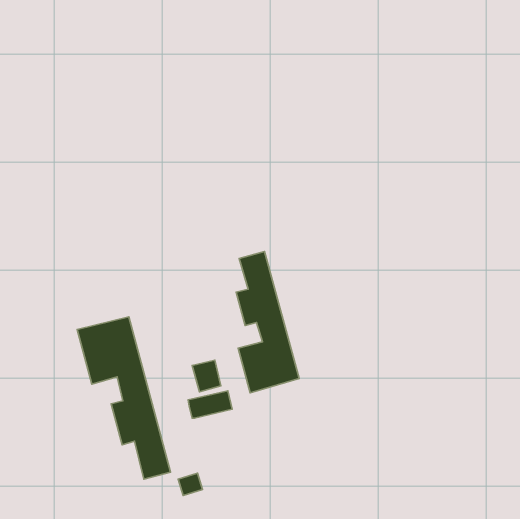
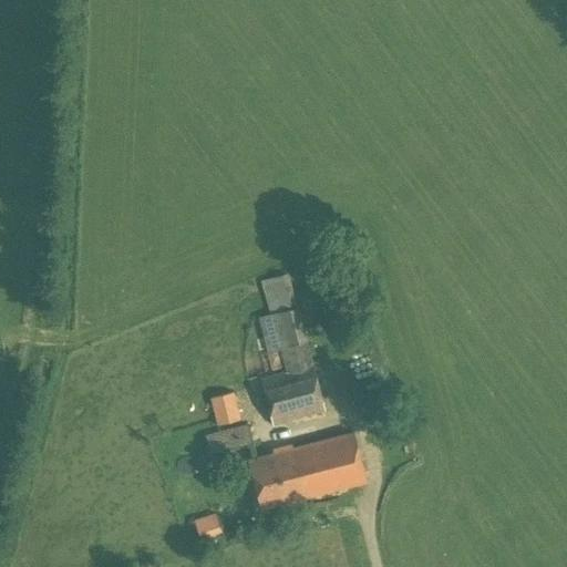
building: [77,317,171,479] -> none
building: none -> [248,433,364,507]

